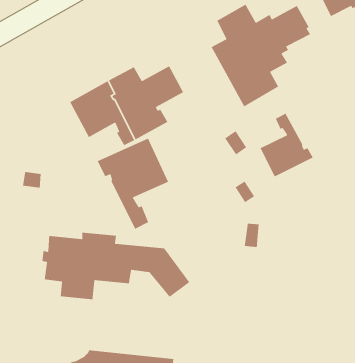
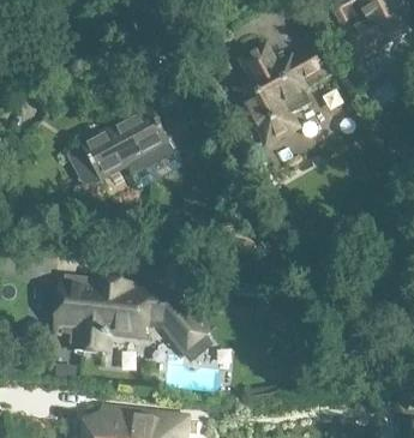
building: [259,112,314,178] -> none
building: [97,138,169,230] -> none

